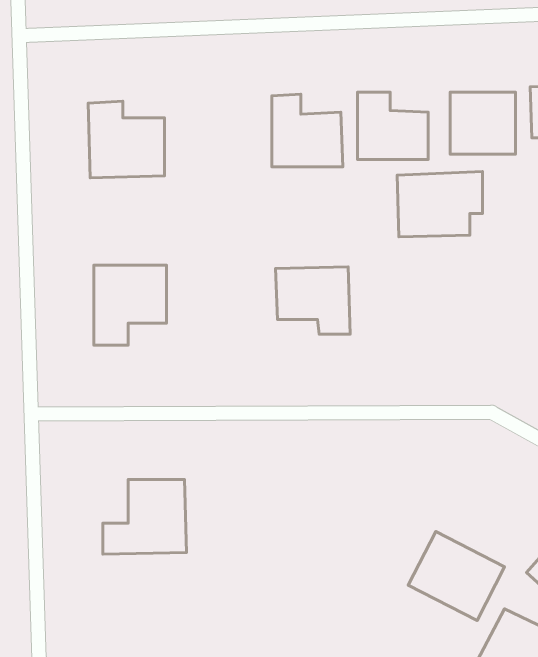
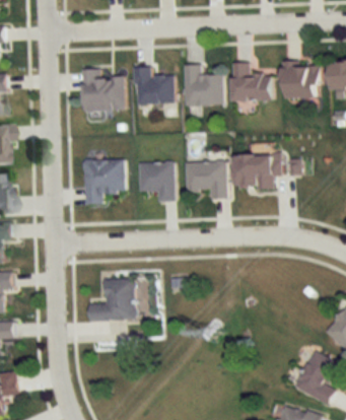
building: none -> [134,67,174,104]
building: [397,172,482,237] -> [233,152,281,189]
building: none -> [139,162,175,202]
building: [408,531,505,620] -> none

